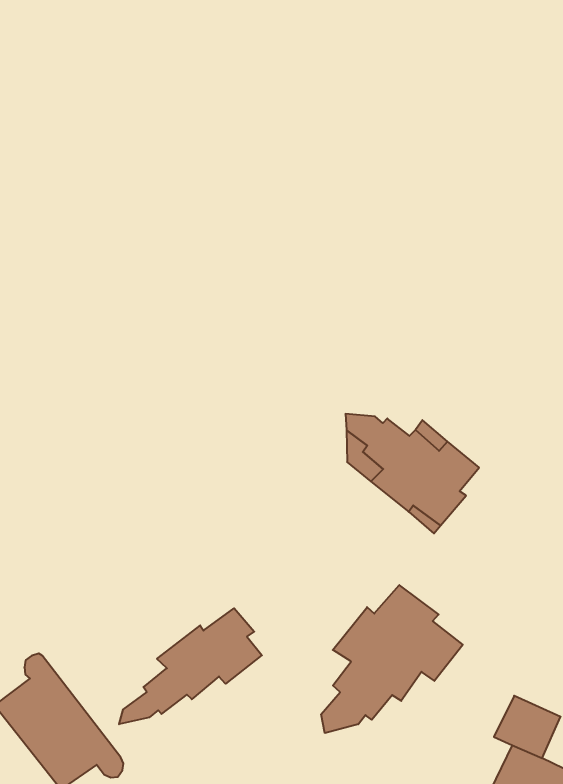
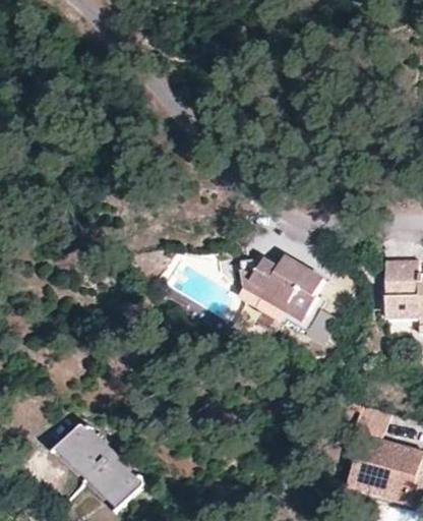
building: [321,585,463,733] -> none
building: [119,608,262,724] -> none

